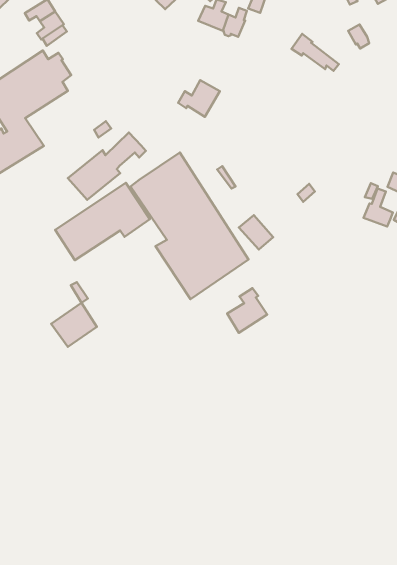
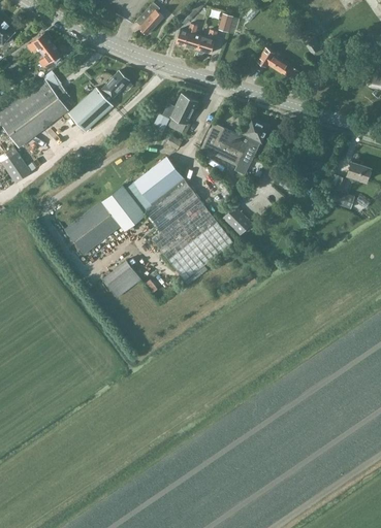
building: none -> [201,119,268,170]
building: [68,133,146,200] -> [68,71,133,131]
building: [227,288,267,333] -> none
building: [51,303,97,347] -> [102,260,141,298]

